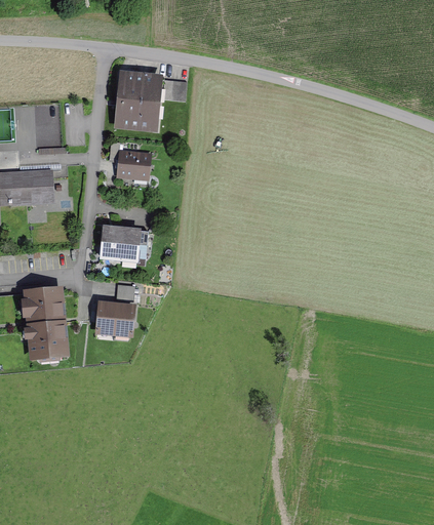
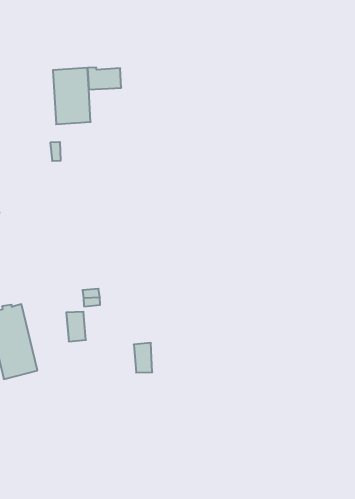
building: [119,152,148,175] -> none
building: [102,228,149,259] -> none
building: [115,306,133,334] -> [134,343,152,373]

